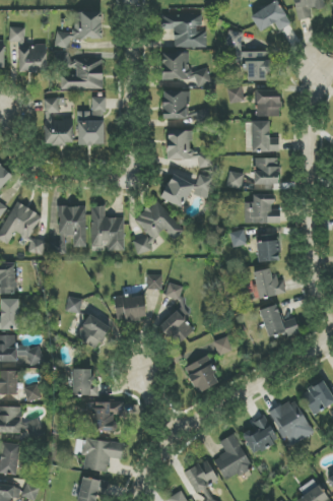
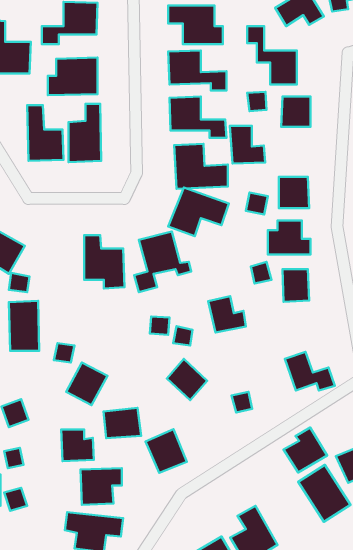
building: [251,121,280,152] -> [230,126,265,164]
building: [62,205,87,247] -> [9,301,39,351]
building: [254,267,285,298] -> [208,296,246,333]
building: [115,295,146,320] -> [104,408,141,438]
building: [186,356,220,392] -> [146,429,187,473]
building: [242,416,278,453] -> [283,428,327,472]

